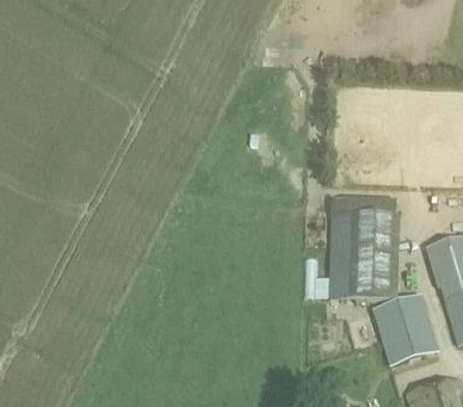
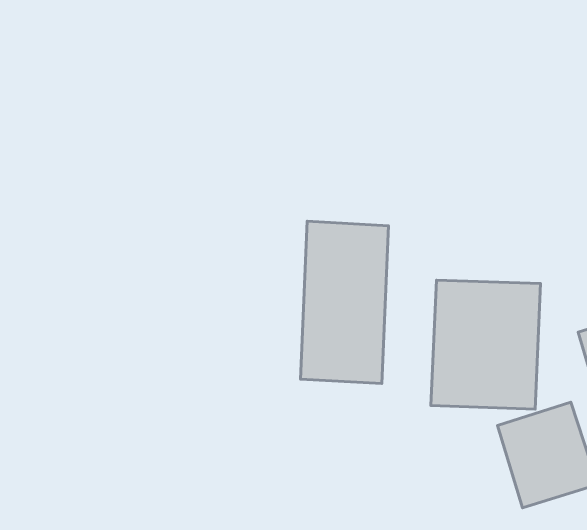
building: none -> [300,221,389,384]

